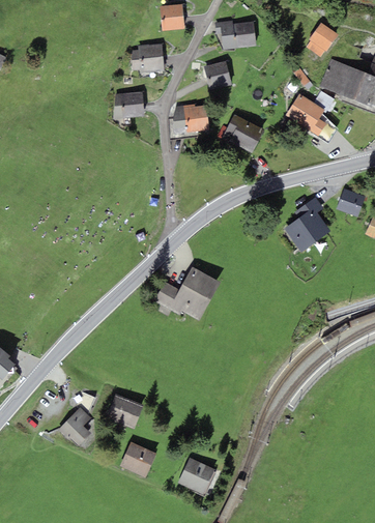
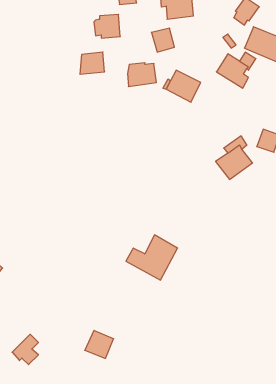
building: [155,266,221,323] -> [126,235,178,280]
building: [107,394,144,428] -> none
building: [58,407,91,445] -> [12,334,38,365]
building: [178,458,214,494] -> none

